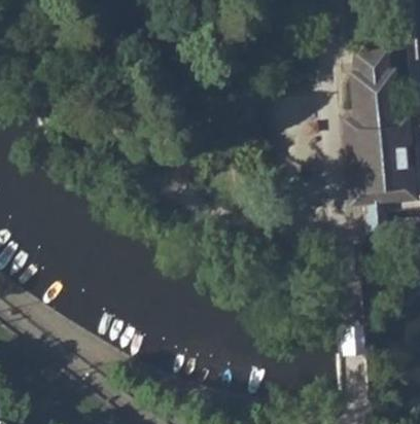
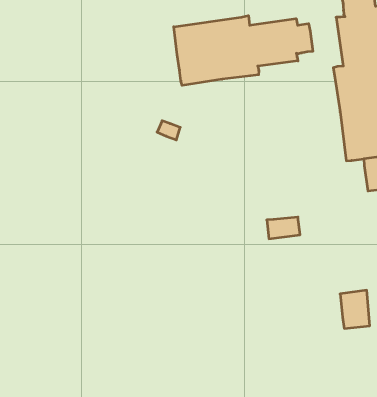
building: none -> [174,16,313,85]

